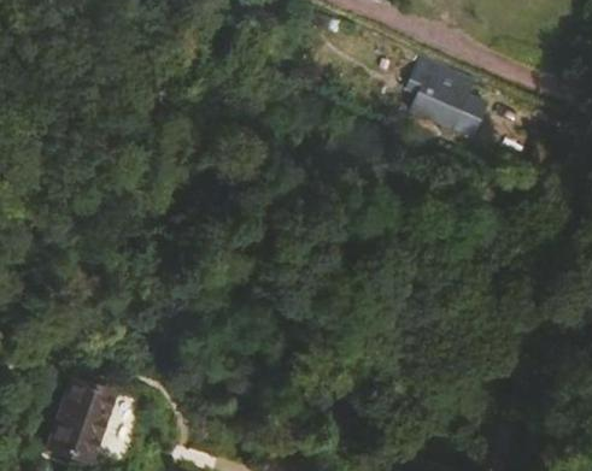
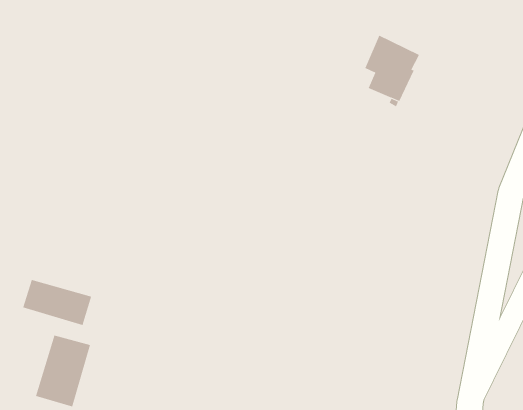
building: none -> [23,279,92,326]

